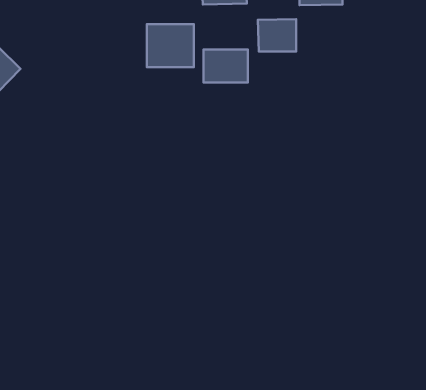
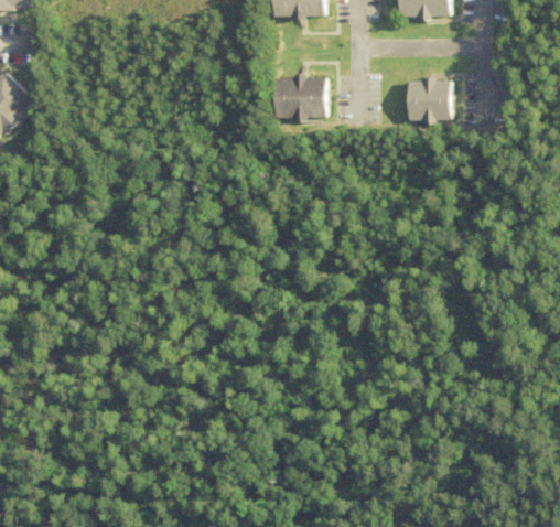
building: [258,19,296,51] -> [402,78,452,120]
building: [147,24,194,67] -> none

